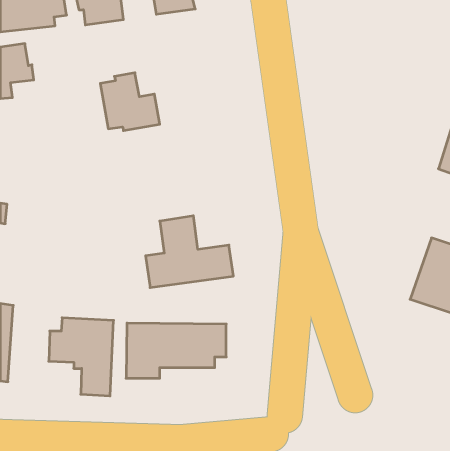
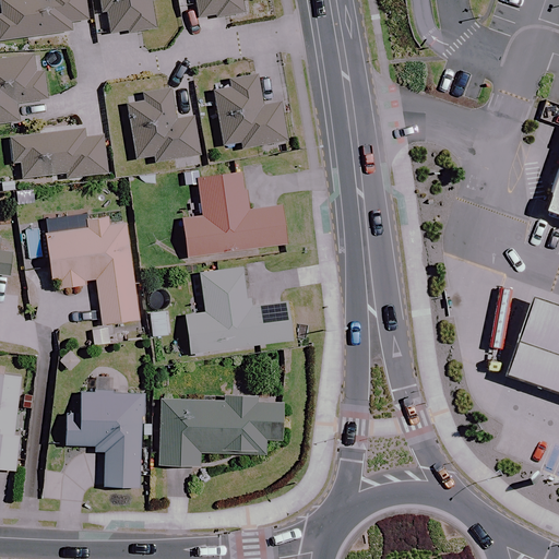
building: none -> [215,75,289,147]
building: none -> [11,128,107,178]
building: none -> [181,173,285,257]
building: none -> [45,216,140,323]

